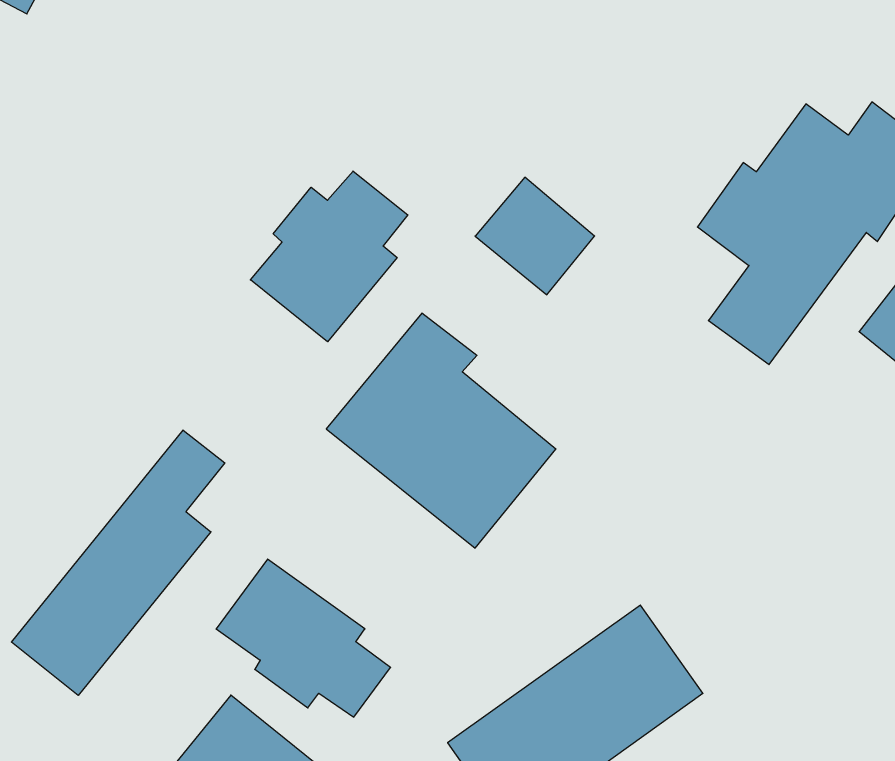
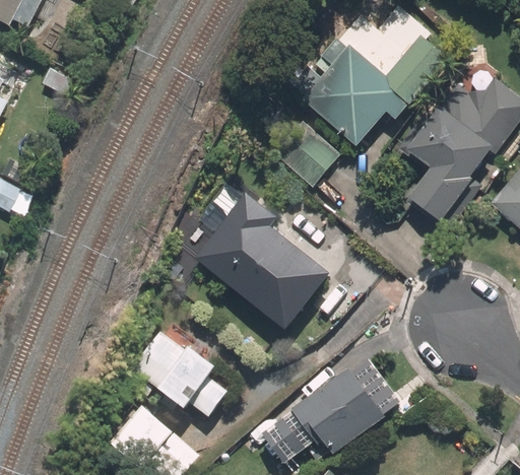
building: none -> [292,32,449,147]
building: [250,171,408,342] -> none
building: [11,430,225,695] -> none

